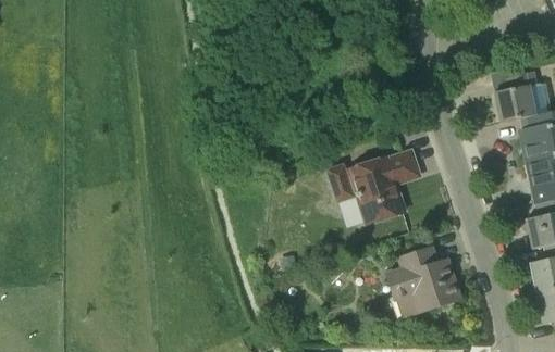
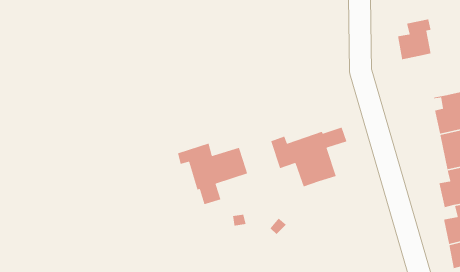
building: [494,71,535,121] -> [397,18,432,60]
building: none -> [177,143,248,205]
building: [384,248,459,317] -> none

